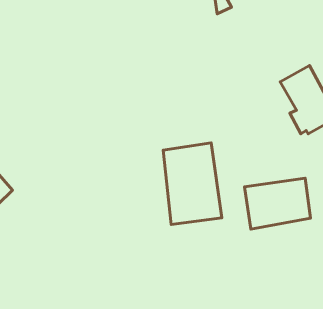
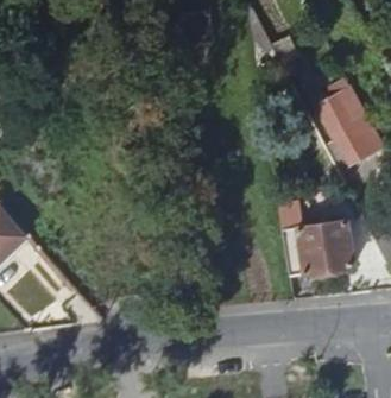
building: [163,143,222,225] -> none

